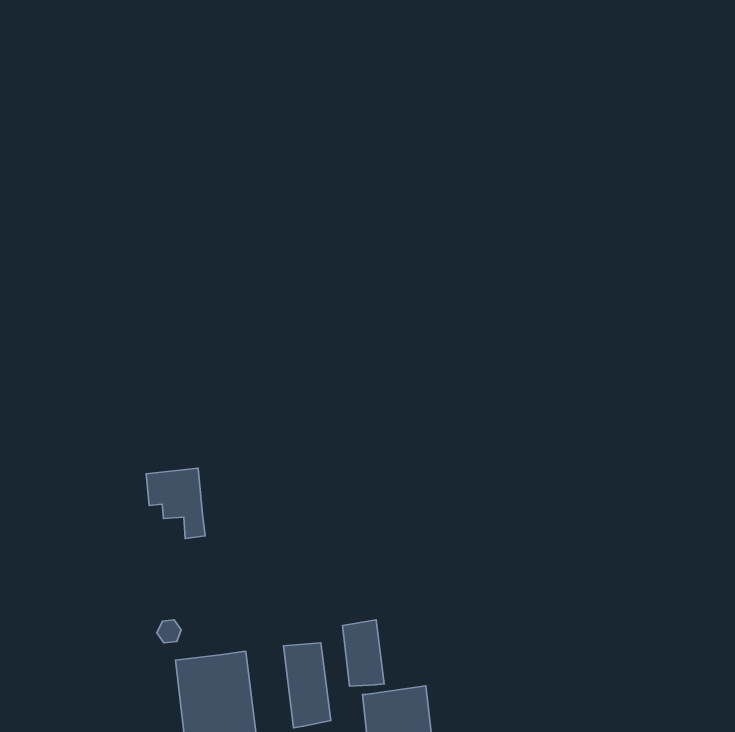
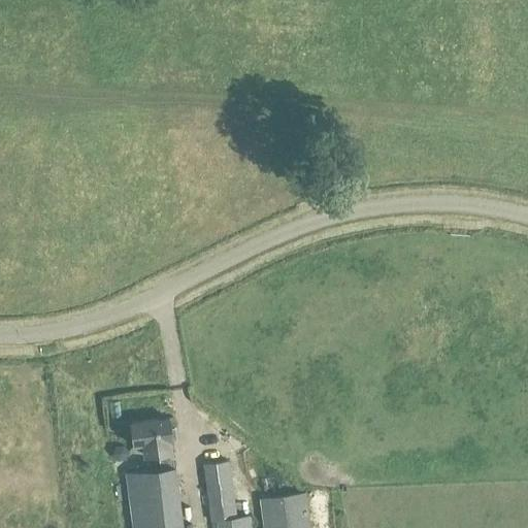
building: [146,468,205,539] -> [132,421,174,471]
building: [343,620,384,686] -> none

